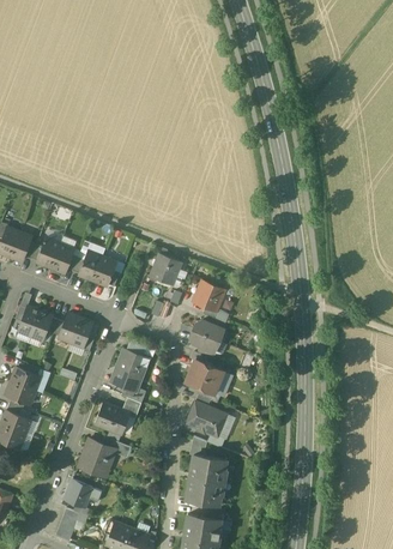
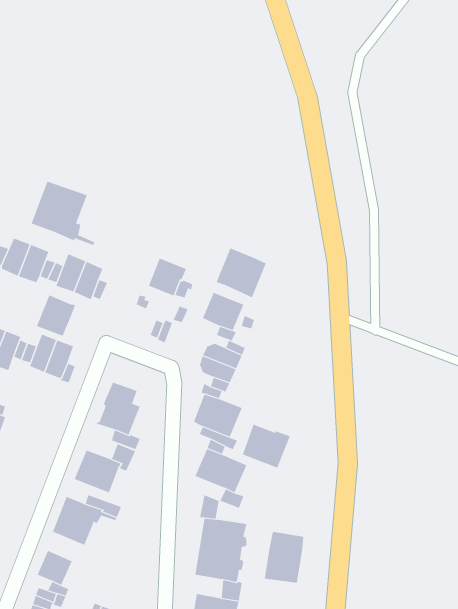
building: none -> [31,181,95,246]
building: none -> [216,248,266,298]
building: none -> [36,295,76,337]
building: none -> [242,423,290,469]
building: none -> [264,531,304,584]

